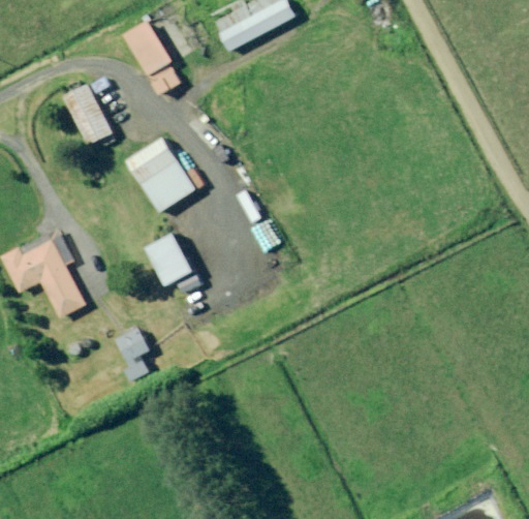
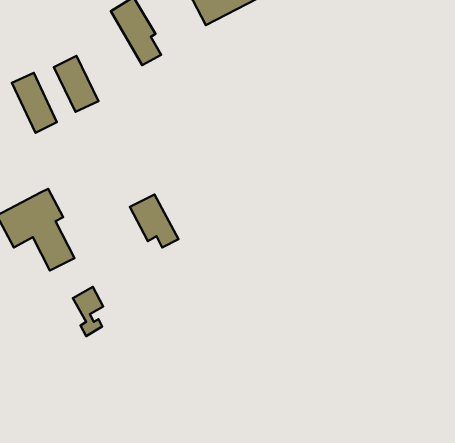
building: none -> [12,73,57,133]
building: [127,139,195,212] -> none
building: [116,328,149,381] -> [73,287,103,336]

